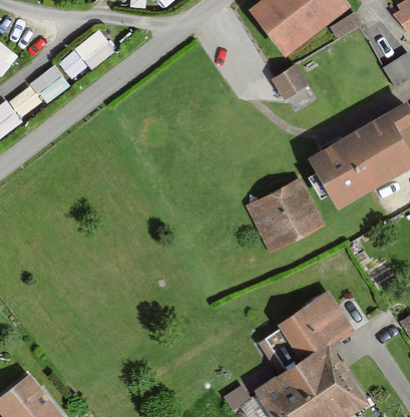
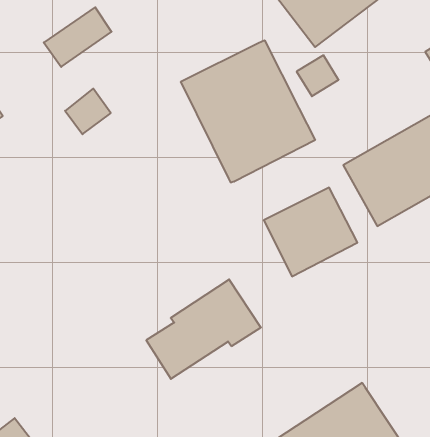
building: none -> [181,40,315,183]
building: [28,58,67,97] -> [65,89,111,134]
building: [257,292,355,377] -> [146,279,261,379]

